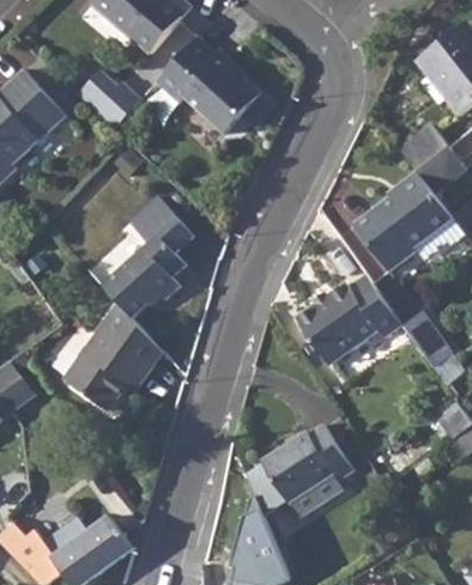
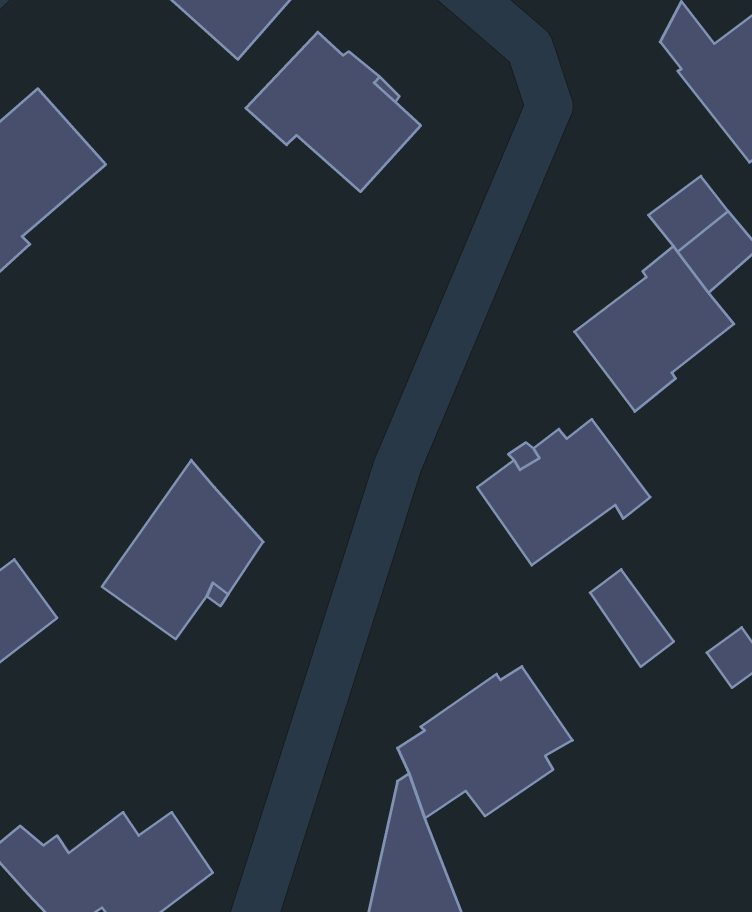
building: [75,71,138,128] -> none
building: [103,196,193,316] -> none
building: [401,307,453,367] -> [590,569,674,667]

